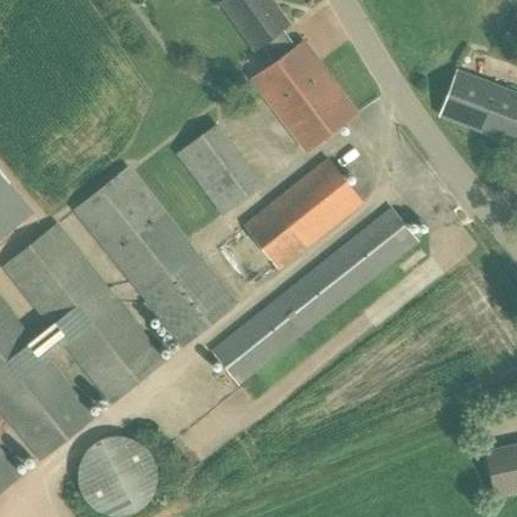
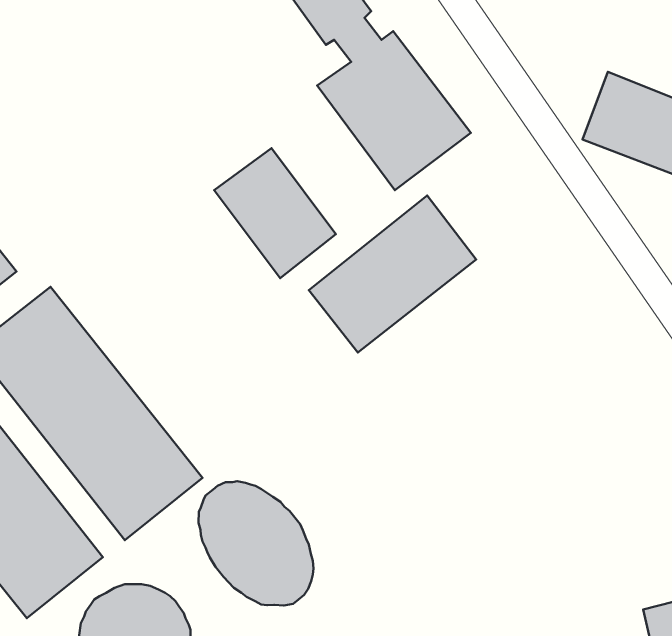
building: [73,165,238,347] -> none
building: [210,206,419,386] -> none
building: none -> [199,481,313,606]

